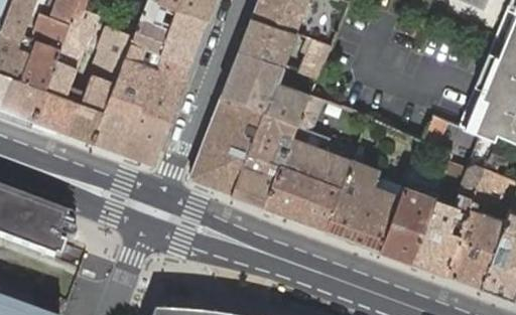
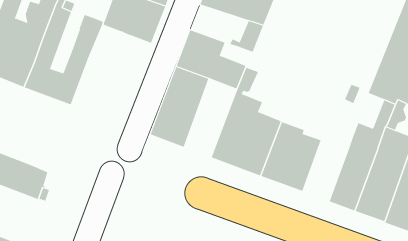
building: [239,16,296,63] -> none
building: [92,41,191,163] -> none
building: [232,108,297,205] -> none
building: [379,179,436,260] -> none

